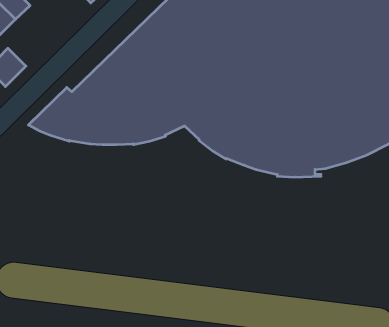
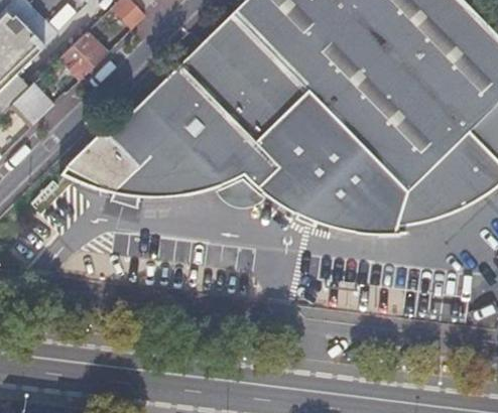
building: none -> [58,30,108,79]

